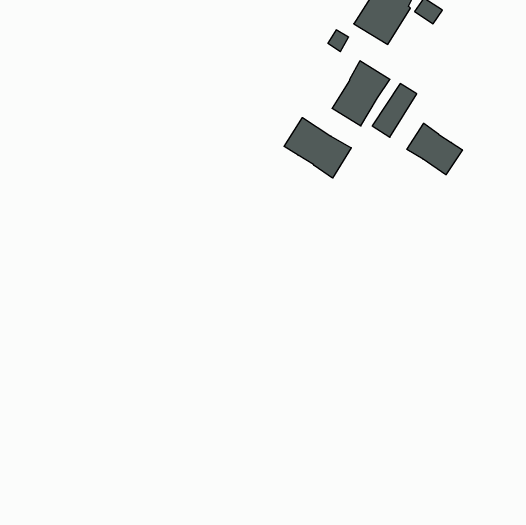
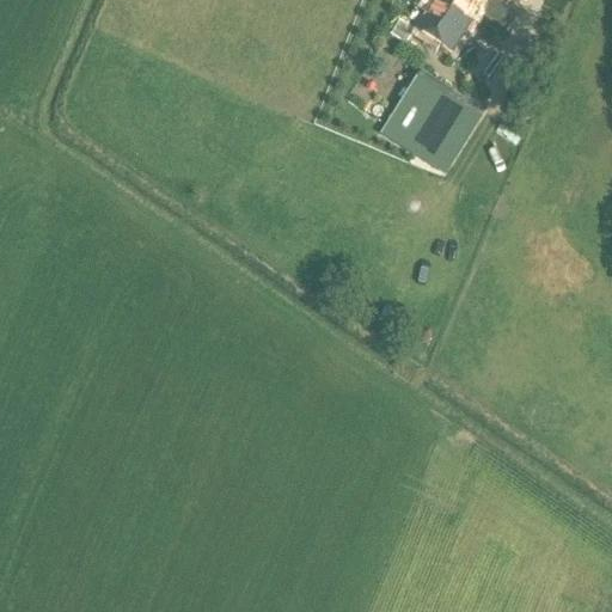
building: [284,118,351,178] -> none
building: [407,123,462,175] -> none

